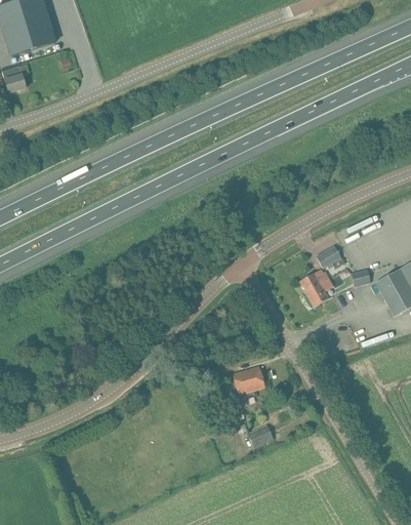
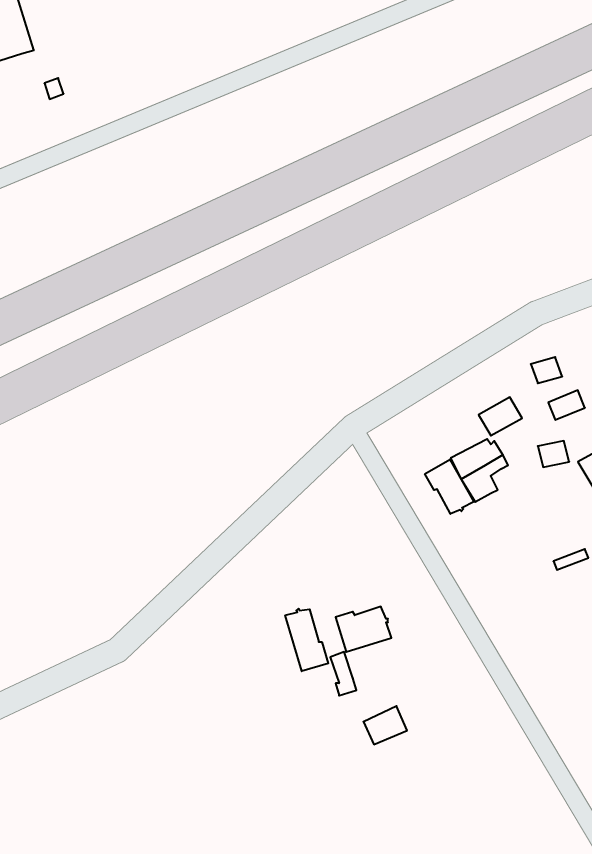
building: none -> [425,460,474,514]
building: none -> [285,609,328,671]

